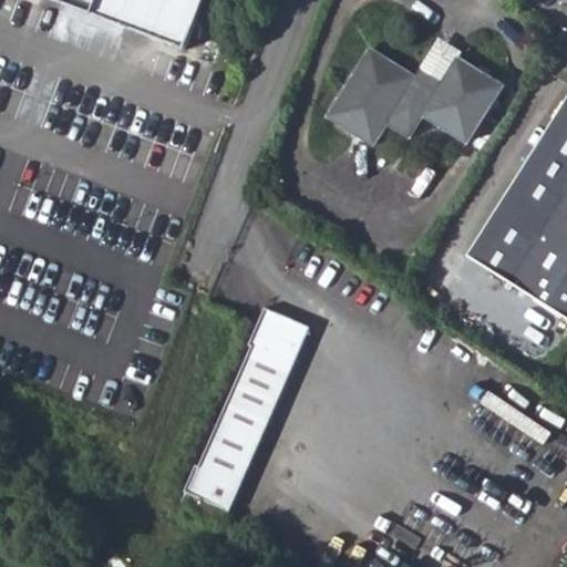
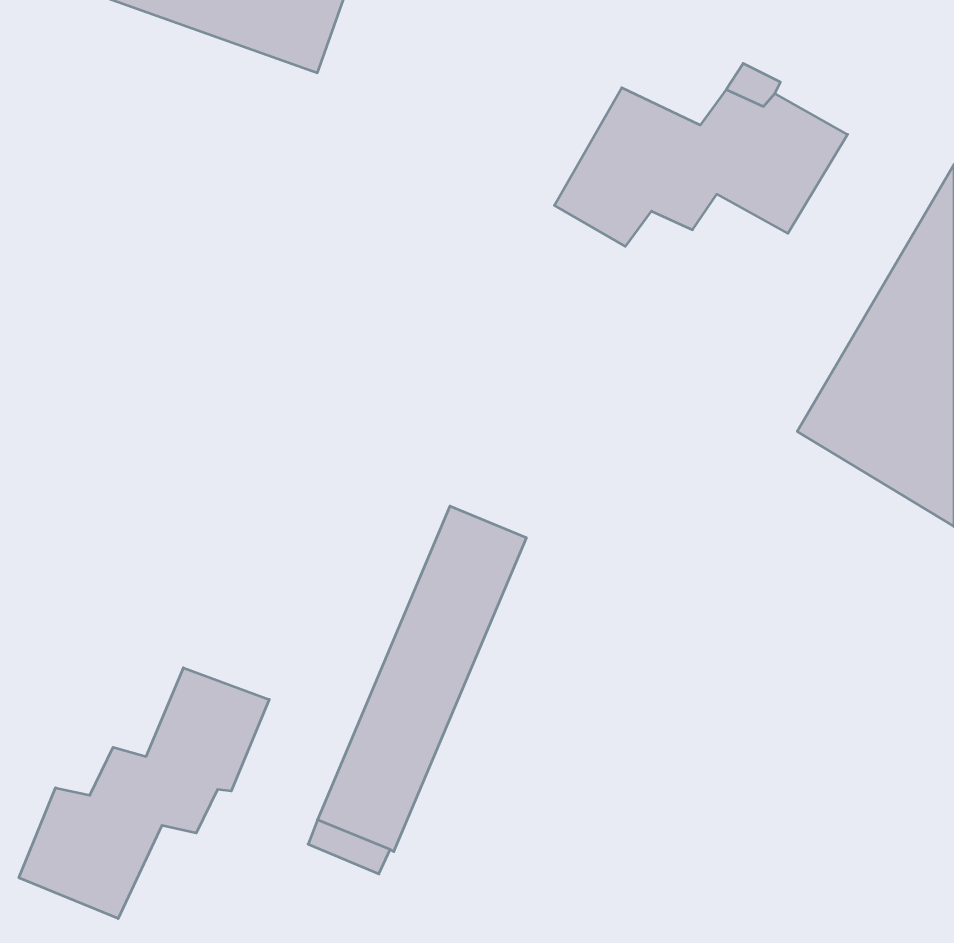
building: none -> [19,668,269,919]

